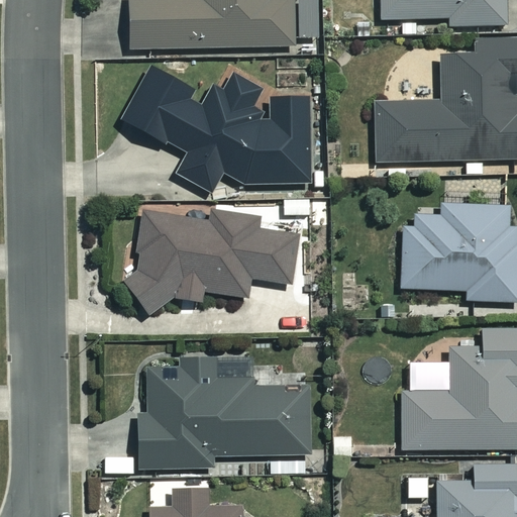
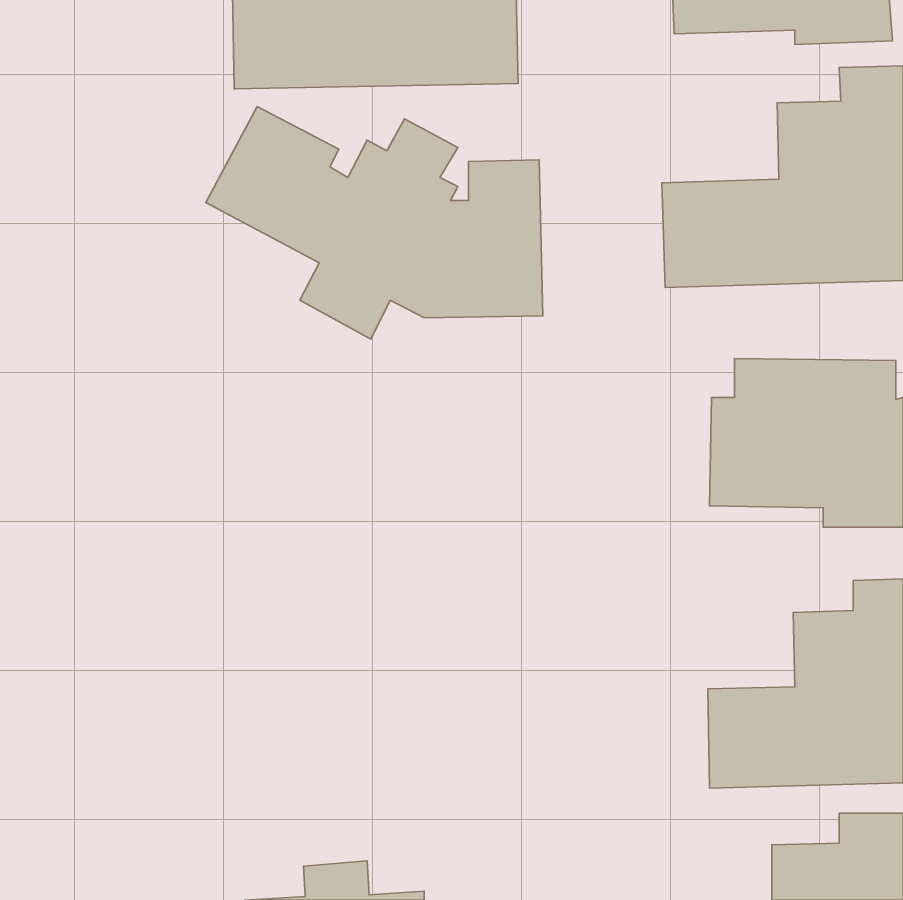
building: [124,209,296,312] -> none
building: [141,360,314,474] -> none

